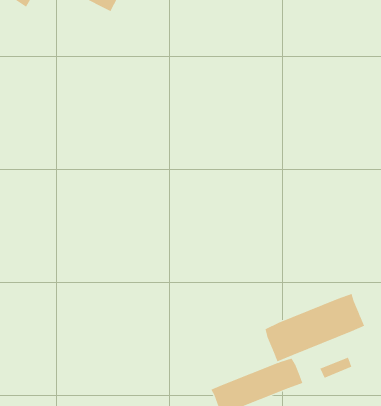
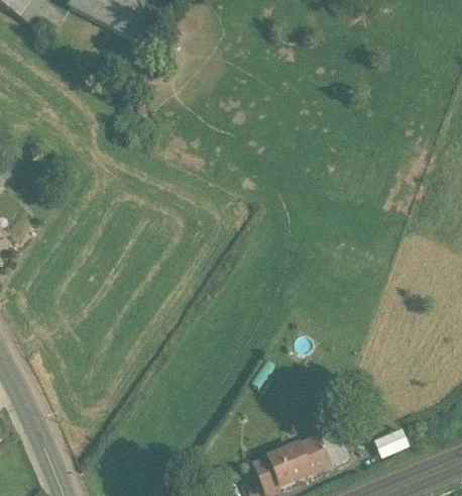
building: [265,293,365,362] -> none

